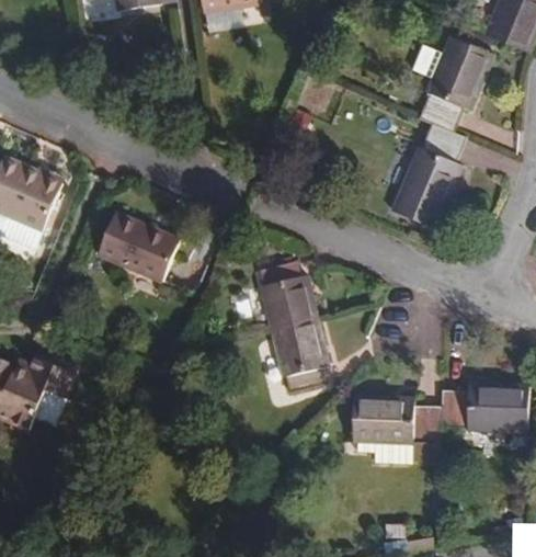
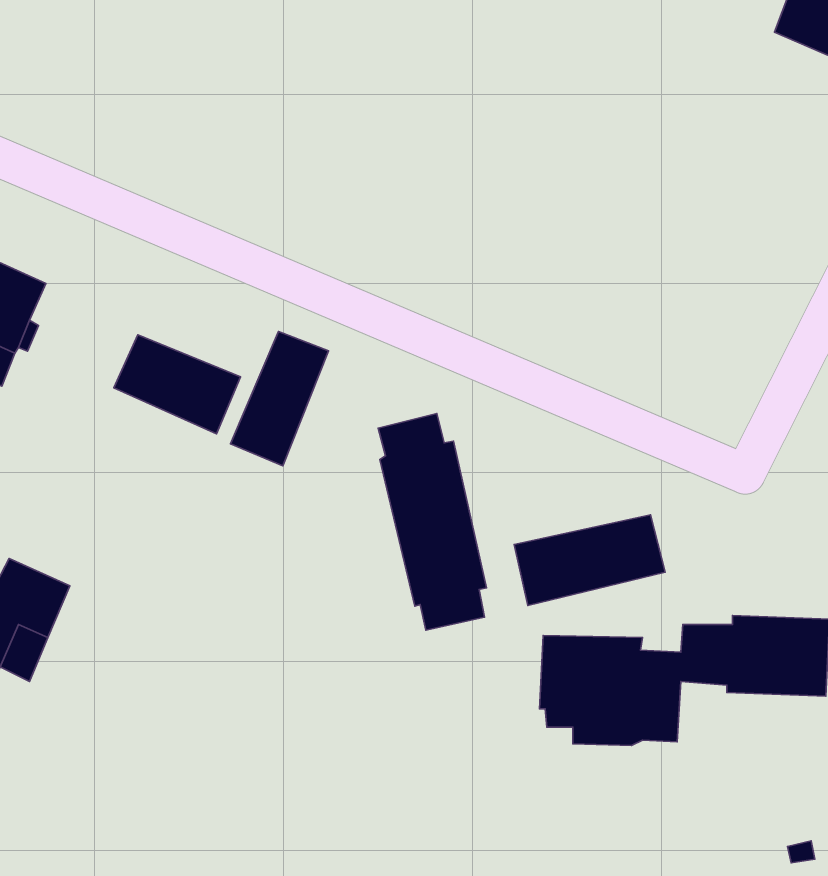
building: [401,36,501,225] -> none
building: none -> [230,332,328,466]
building: none -> [514,515,665,606]

